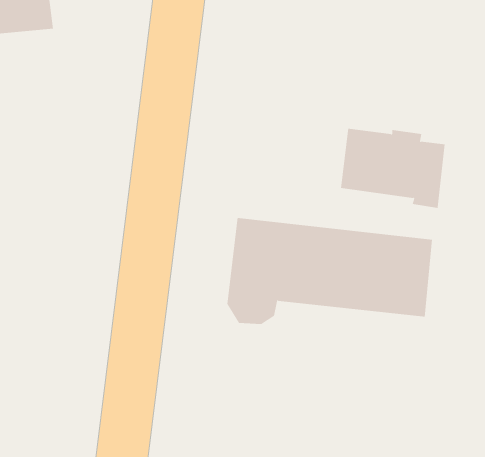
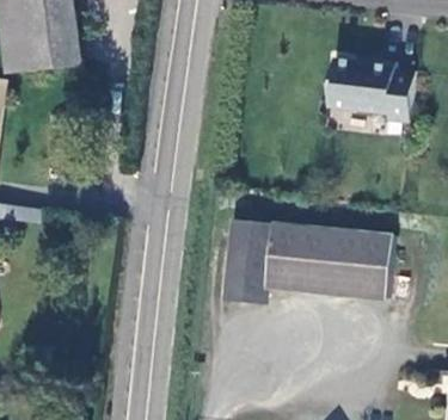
building: [340,128,446,209] -> [327,57,413,123]

